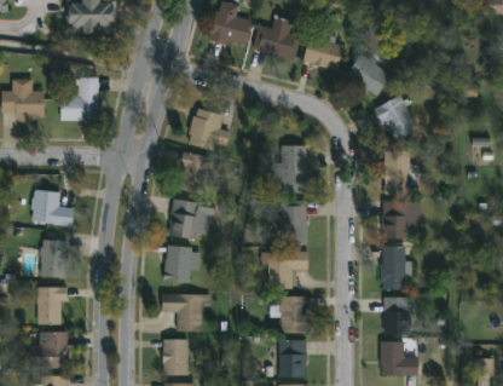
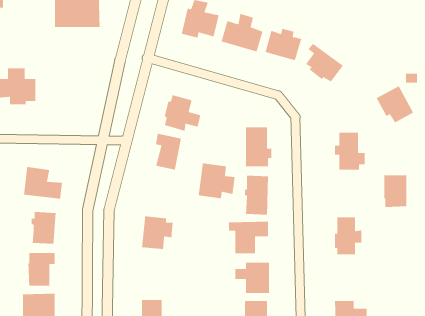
building: [60,77,98,120] -> none
building: [374,94,417,138] -> [375,85,414,124]
building: [168,197,210,238] -> [198,163,235,199]
building: [382,201,409,238] -> [383,175,407,208]
building: [161,293,210,332] -> none
building: [383,296,410,334] -> none

